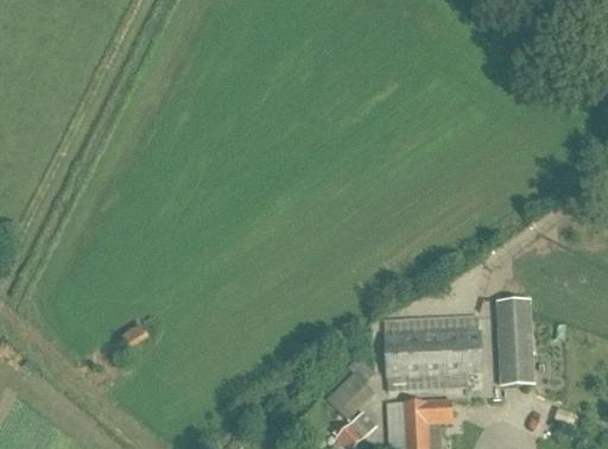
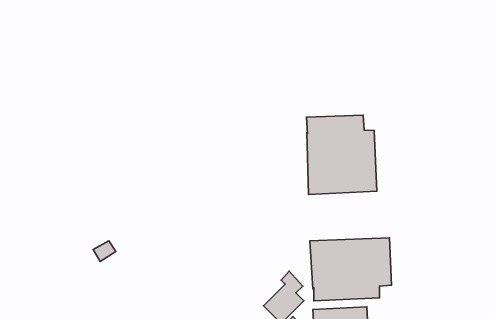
building: none -> [306,115,377,195]
building: [495,298,534,386] -> none

